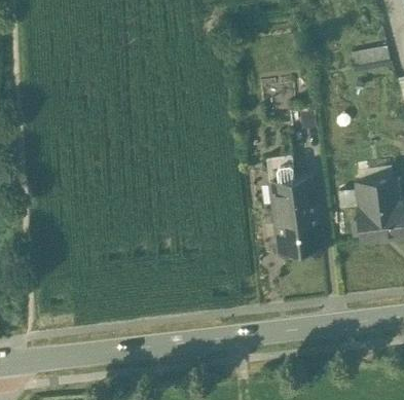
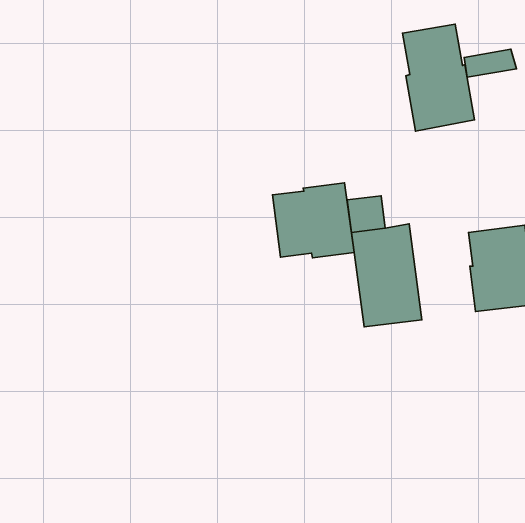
building: none -> [403,24,474,131]
building: none -> [273,183,354,258]

